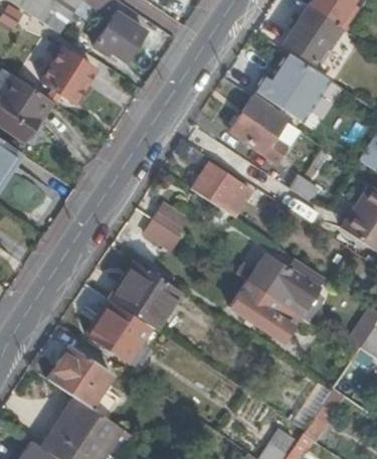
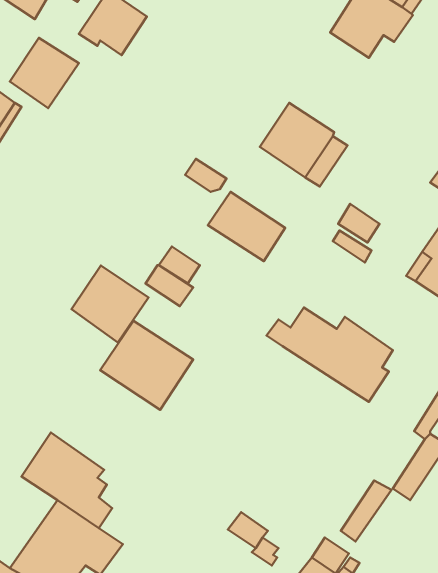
building: [256,54,328,122] -> none
building: [232,282,303,343] -> none
building: [89,305,148,363] -> [71,265,149,343]

